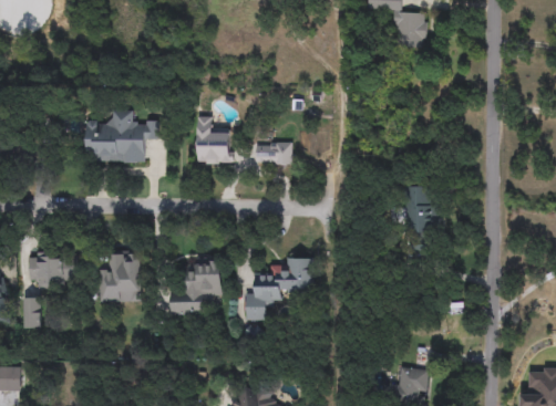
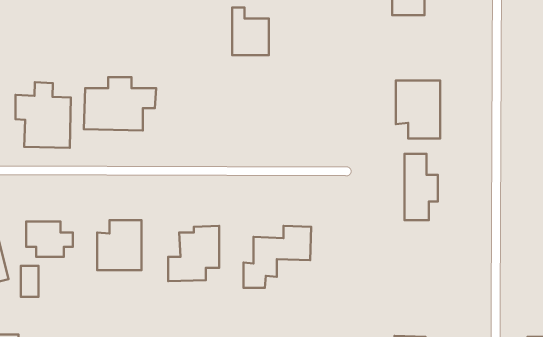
building: none -> [396,80,440,138]
building: none -> [15,82,71,148]
building: [196,116,233,164] -> [232,8,269,55]
building: [256,143,290,164] -> none

